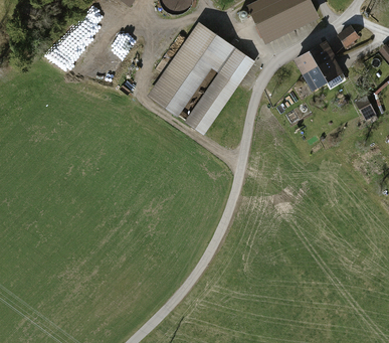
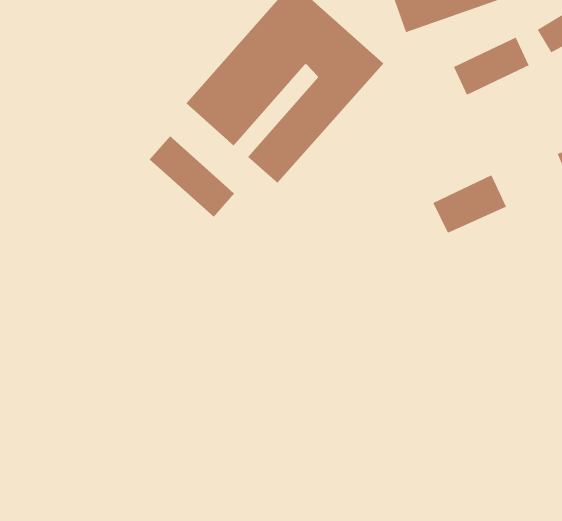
building: [302,55,343,91] -> [433,174,507,234]
building: none -> [149,135,235,218]

